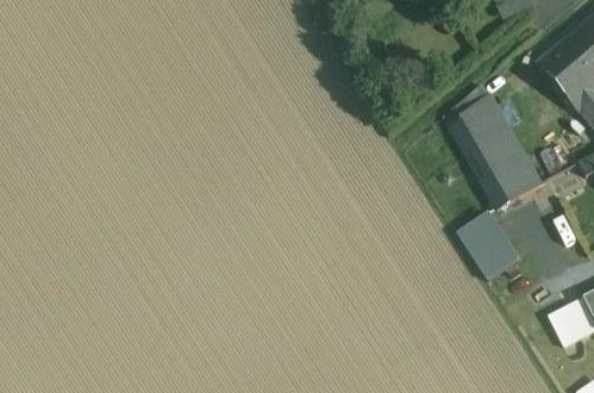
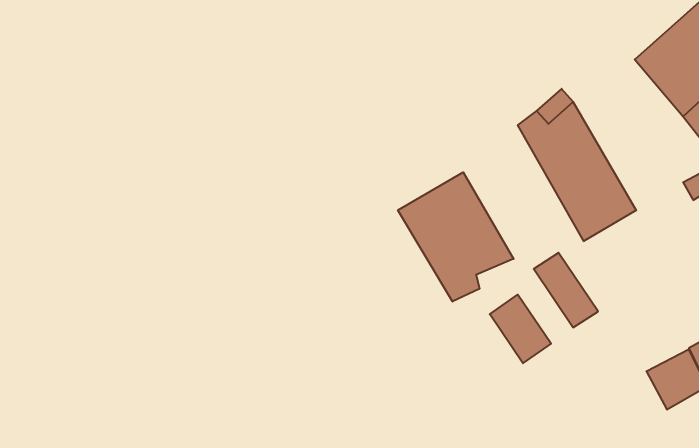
building: none -> [398,172,514,302]
building: none -> [490,295,551,363]

